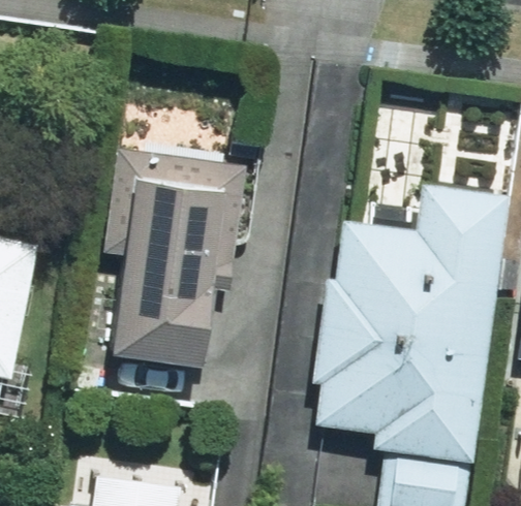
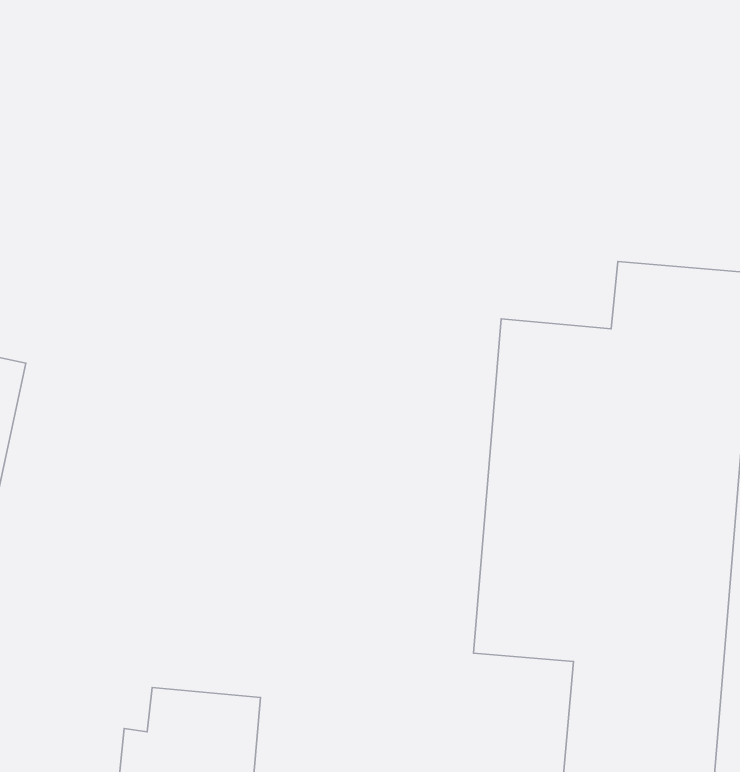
building: [109,179,223,368] -> none

